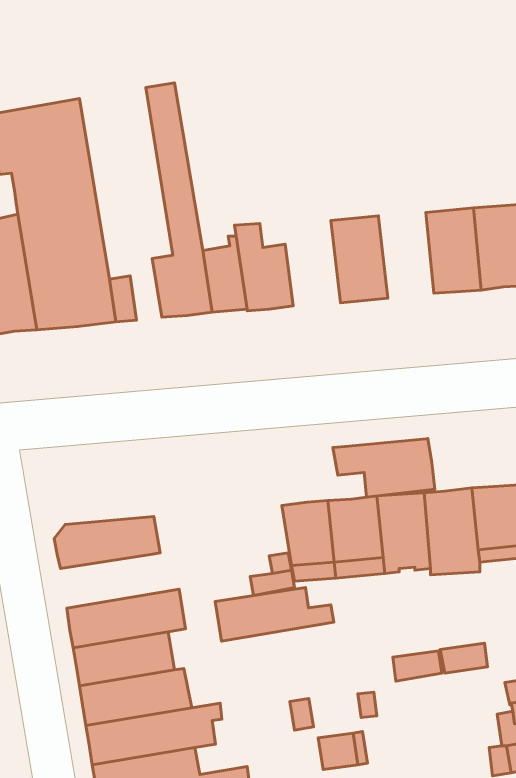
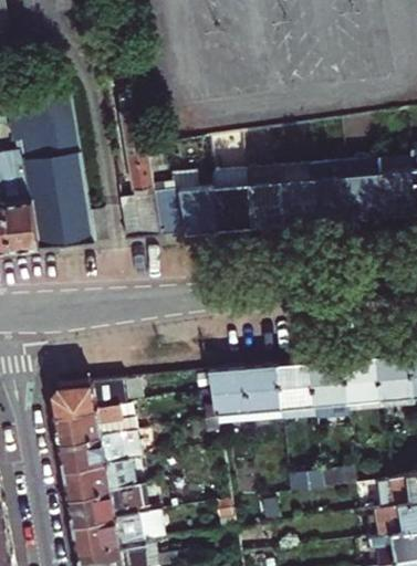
building: none -> [278,166,316,226]
building: none -> [211,171,251,231]
building: [333,438,435,497] -> none
building: [215,587,334,641] -> [55,405,138,442]

